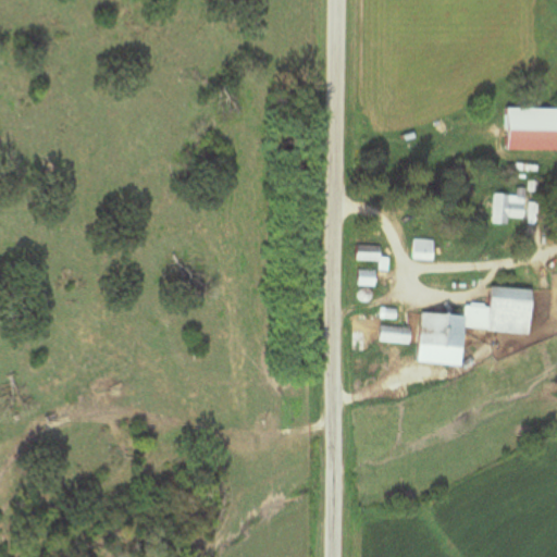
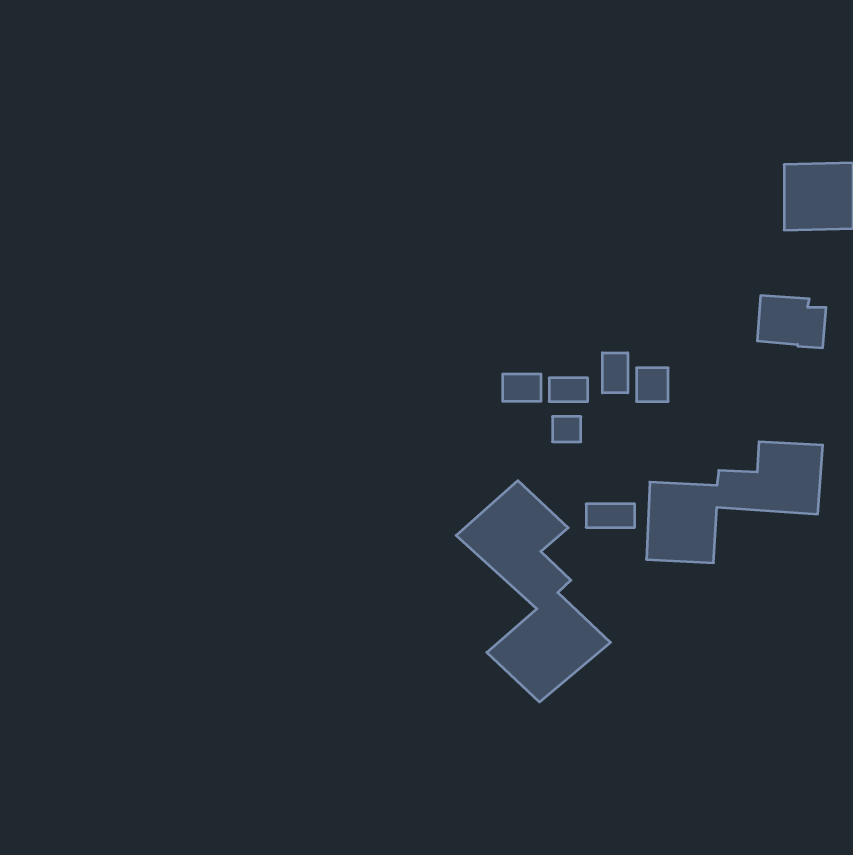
building: none -> [602,353,628,393]
building: none -> [503,374,541,401]
building: none -> [456,481,611,702]

